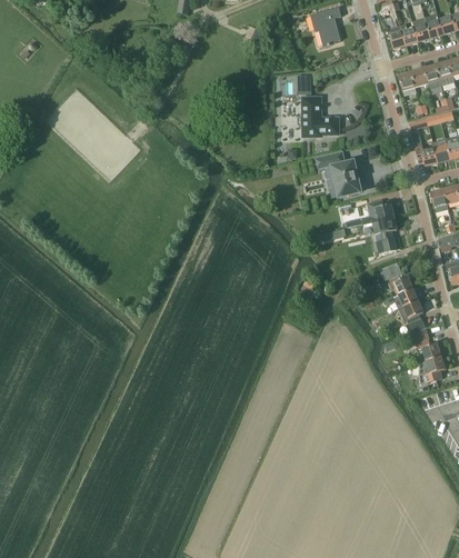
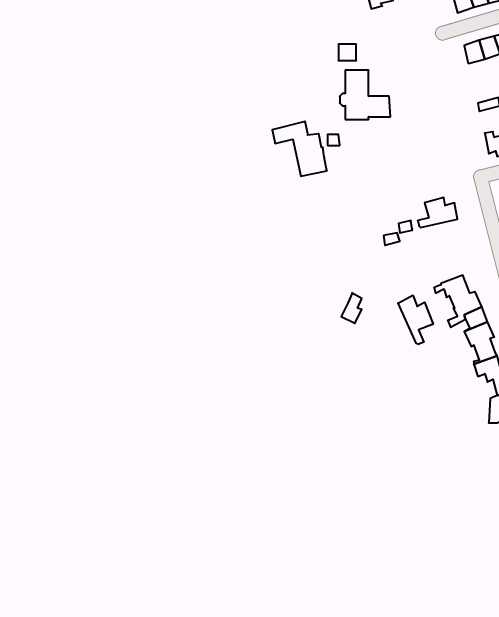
building: [315,151,359,196] -> [272,121,327,176]
building: [362,217,397,252] -> none
building: none -> [398,295,433,344]

